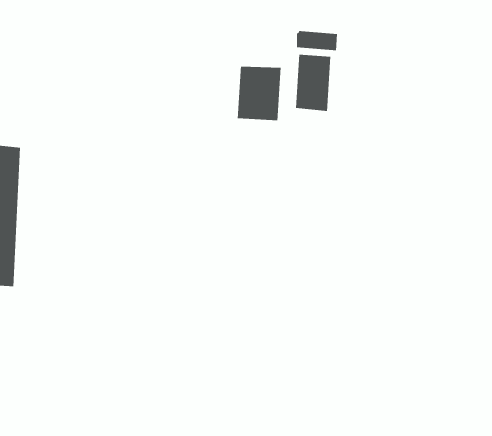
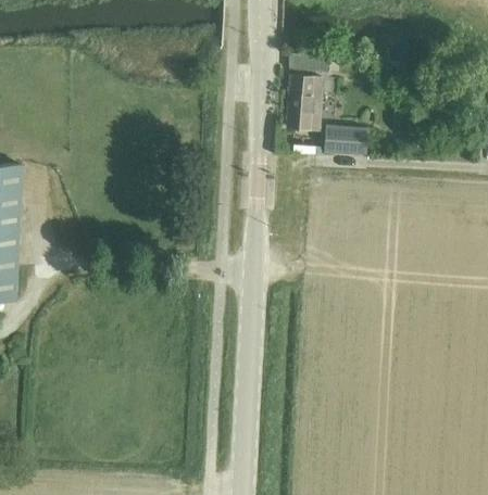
building: [237,66,281,121] -> none
building: none -> [324,126,366,156]

